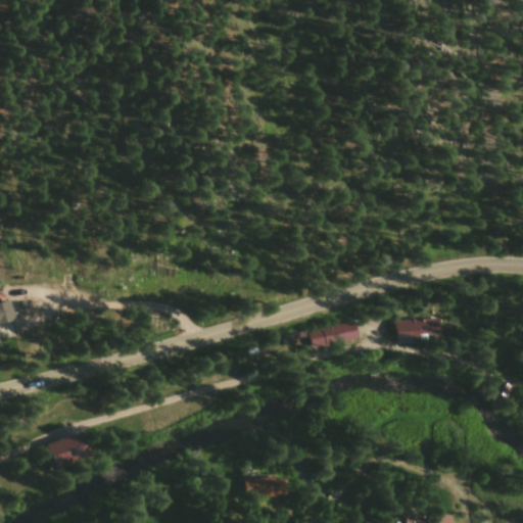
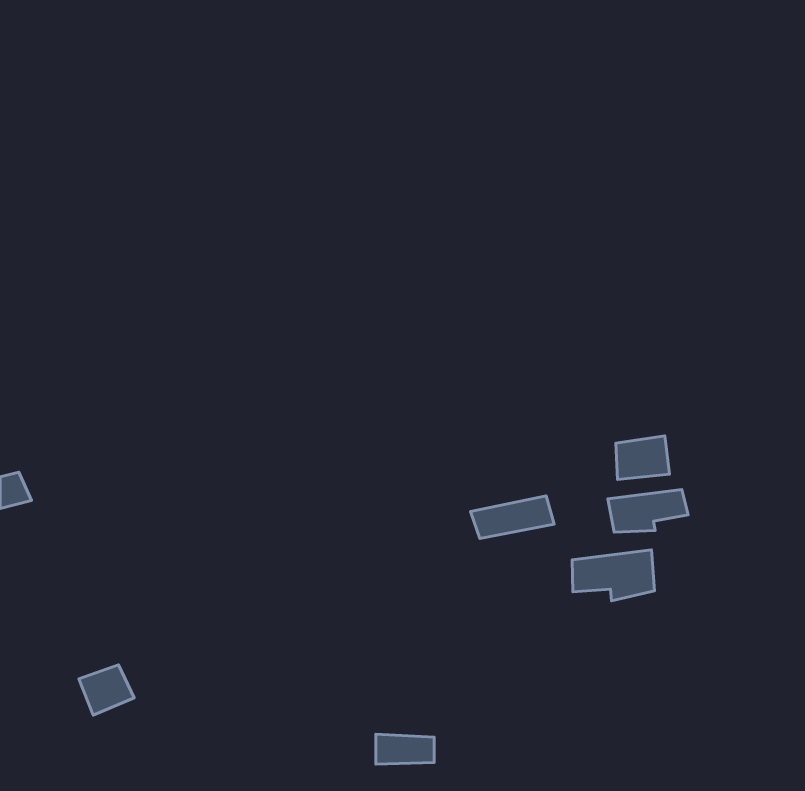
building: none -> [616,436,670,479]
building: none -> [572,550,654,601]

